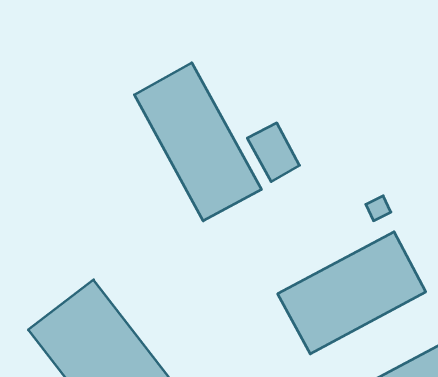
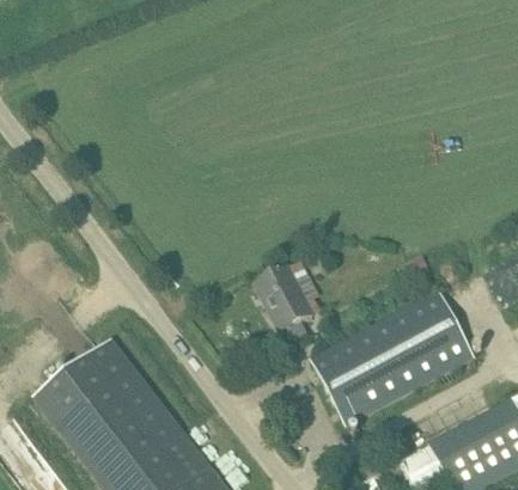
building: [134,63,261,221] -> none
building: [247,123,300,182] -> [256,265,313,330]

